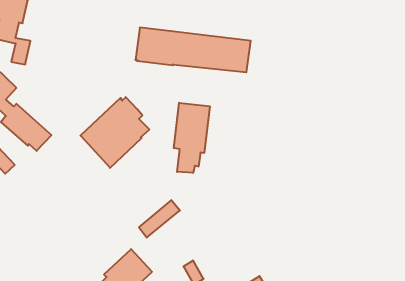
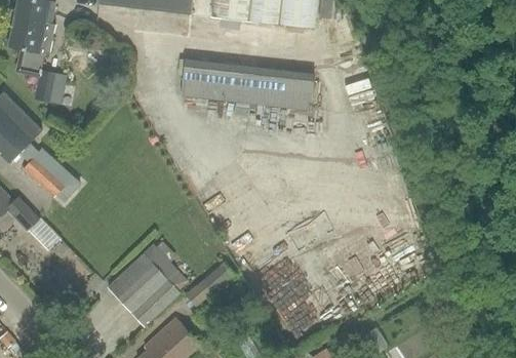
building: [80,97,149,168] -> [108,242,189,325]
building: [174,103,210,173] -> none

